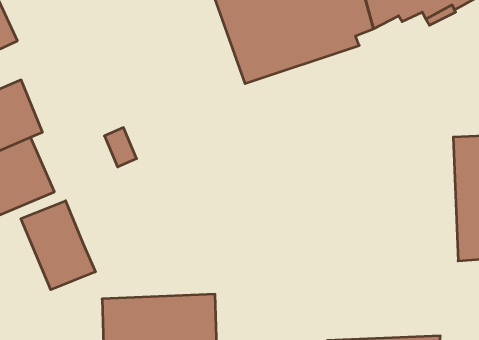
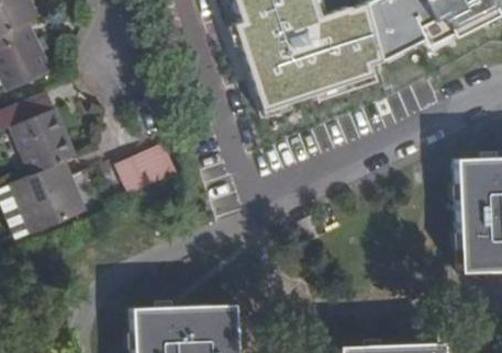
building: [21,201,95,290] -> none

